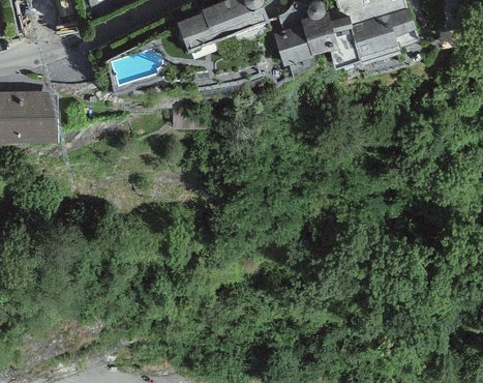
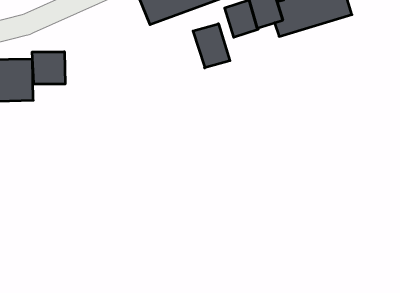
building: none -> [193,24,230,68]
building: none -> [32,52,65,84]

